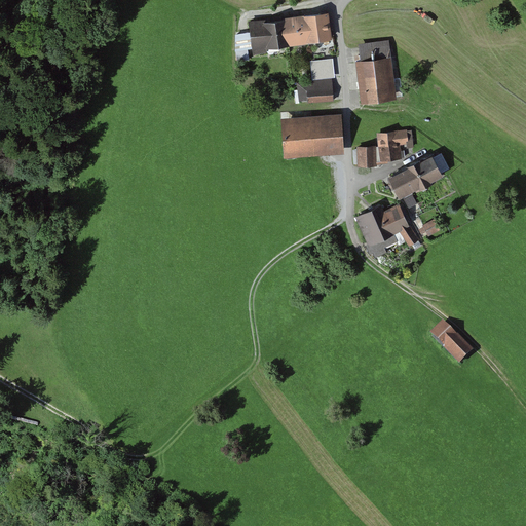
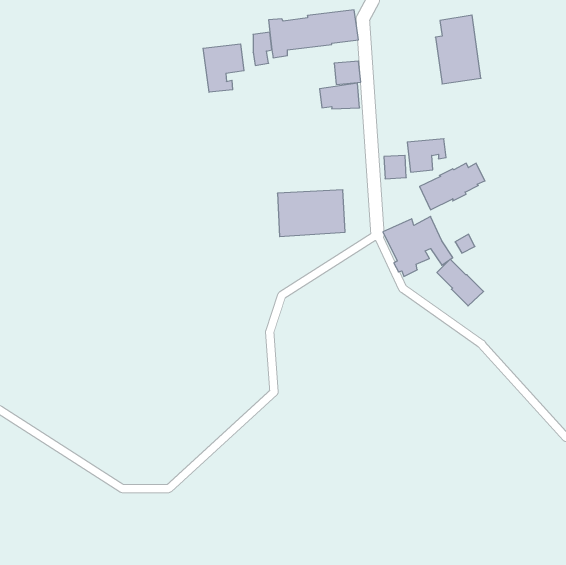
building: [354,40,397,104] -> [435,15,481,84]
building: none -> [203,44,244,92]
building: [280,114,343,157] -> [277,190,345,237]
building: [429,321,473,364] -> [437,259,484,306]

